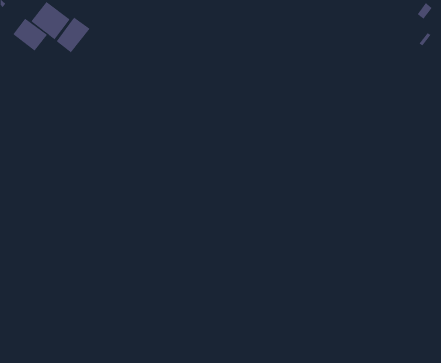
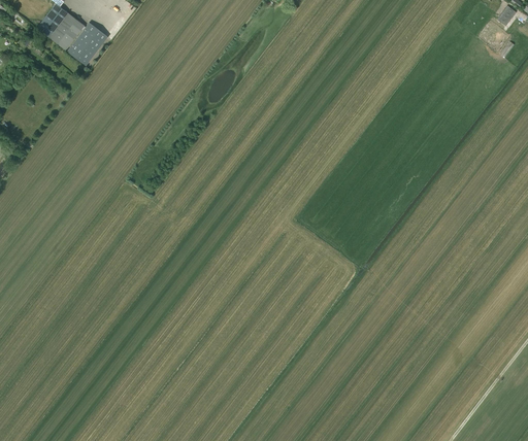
building: [13,18,48,51] -> none

